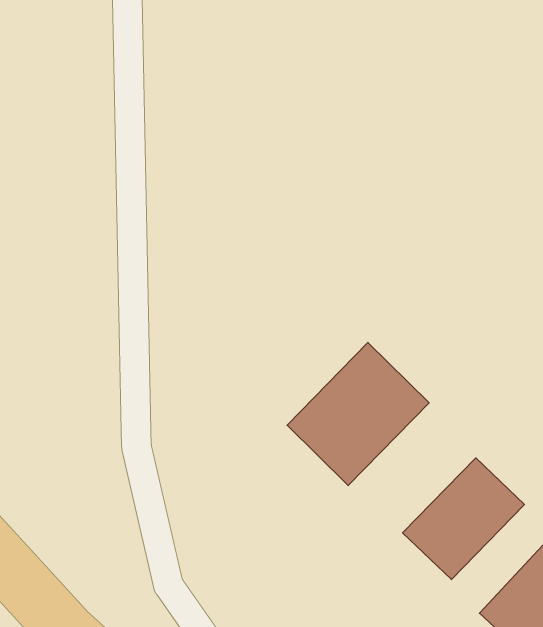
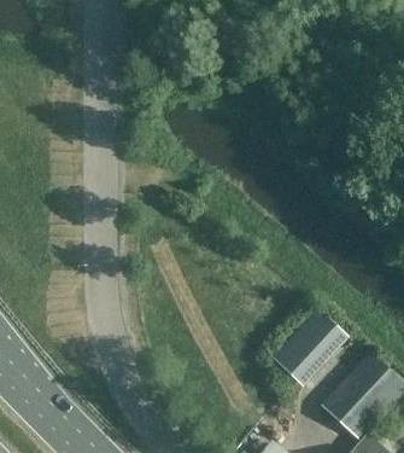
building: [287,342,429,486] -> none

